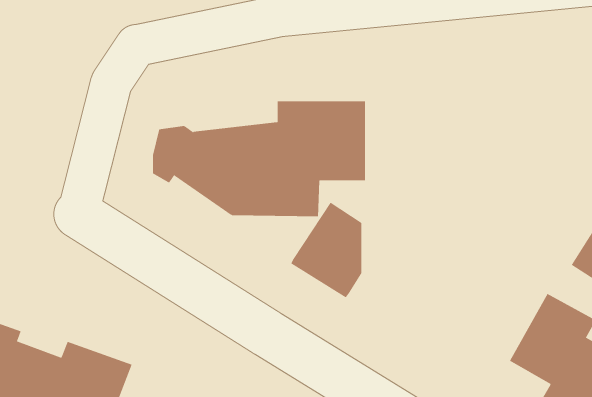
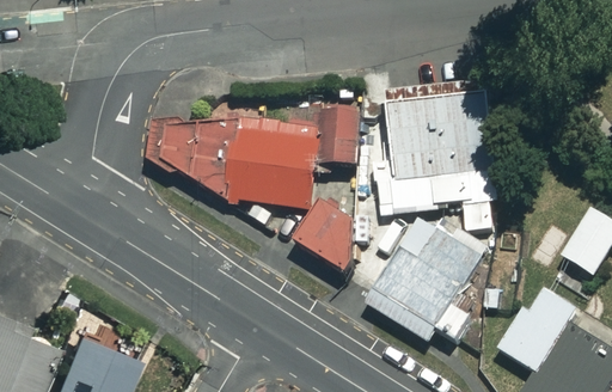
building: none -> [391,98,504,212]
building: none -> [372,232,489,344]

